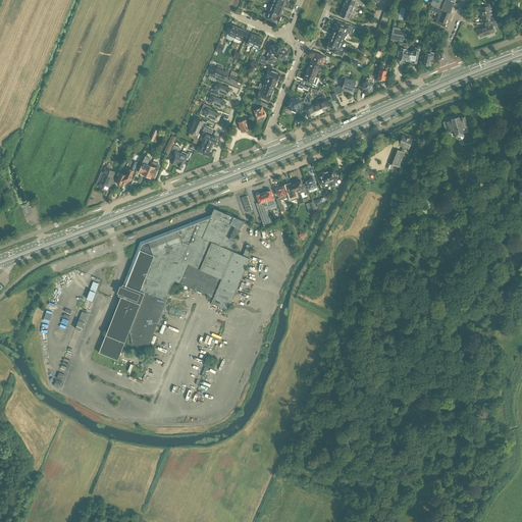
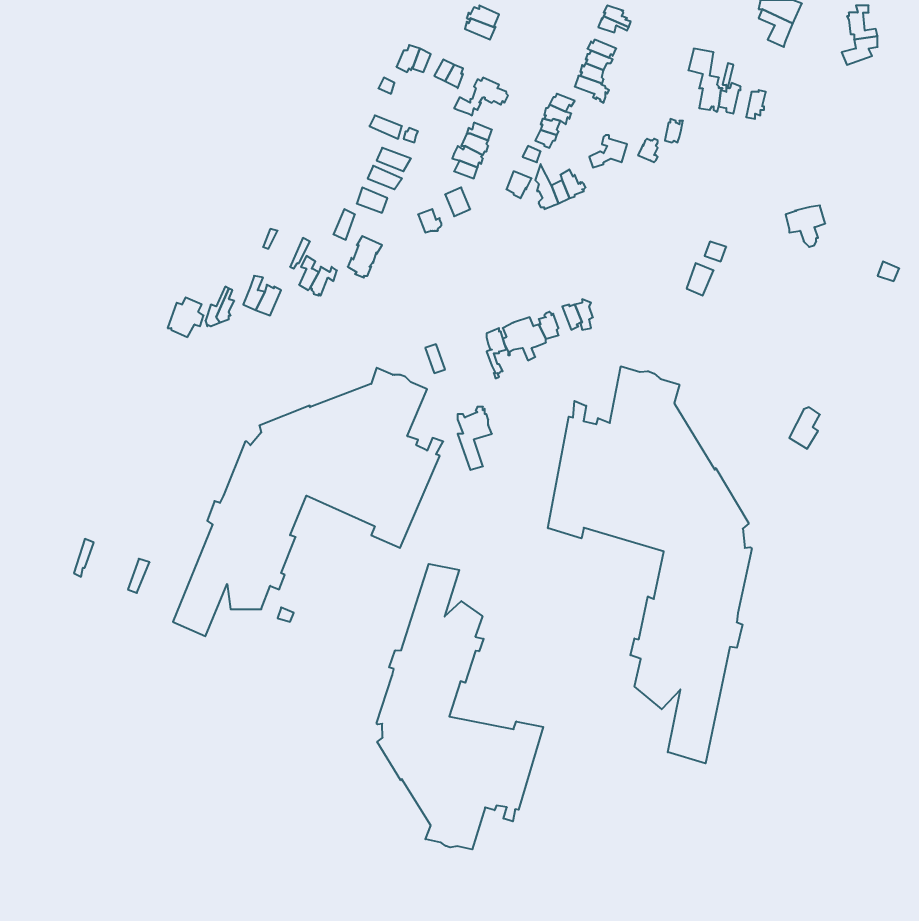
building: [255,189,274,224] -> [458,407,492,470]
building: none -> [548,366,752,763]
building: none -> [377,564,543,849]

